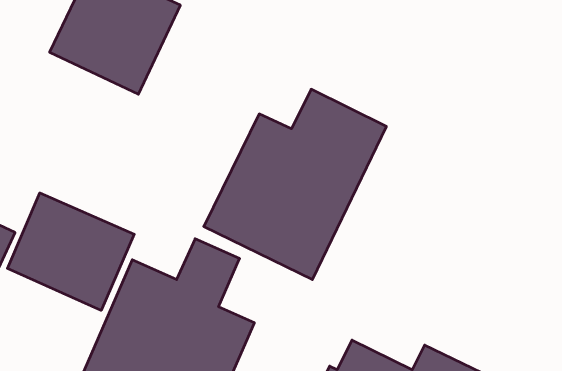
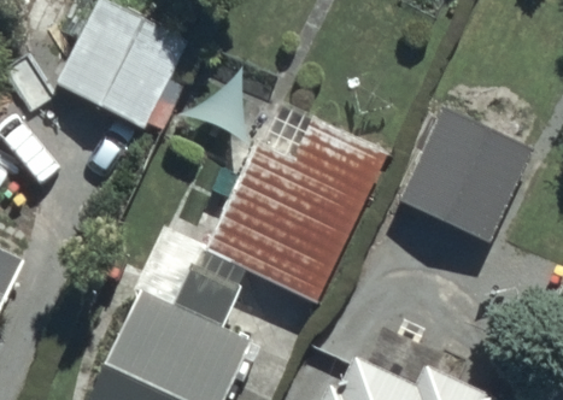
building: none -> [397,107,534,242]
building: [7,193,134,310] -> none

